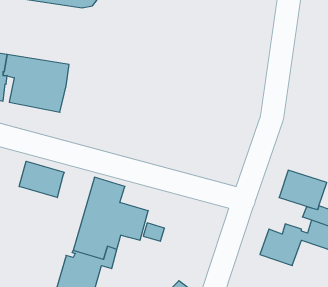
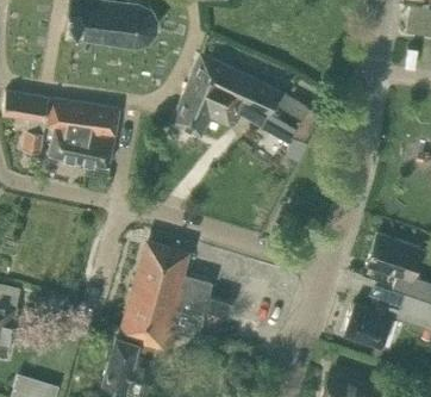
building: none -> [173,55,319,143]
building: [19,161,64,198] -> none

